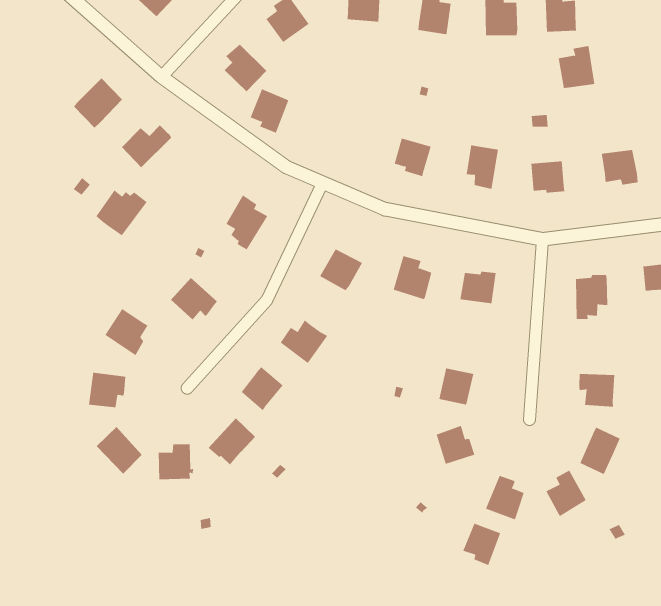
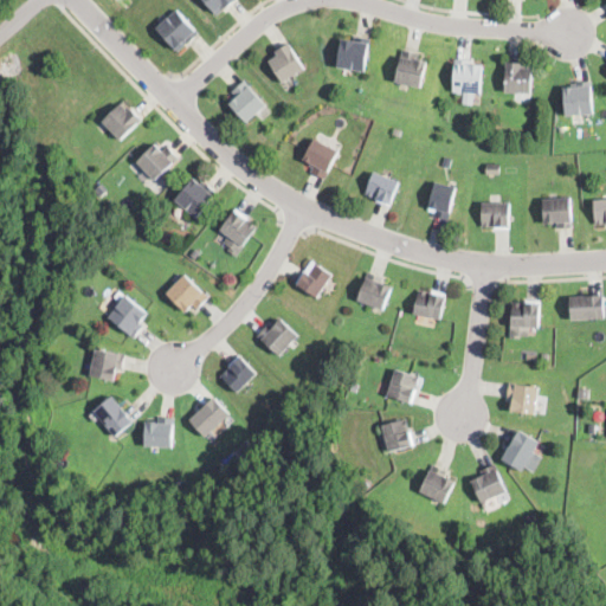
building: [558,46,595,88] -> [561,80,591,115]
building: [250,89,289,133] -> [302,138,336,178]
building: [95,189,147,236] -> [173,178,218,218]
building: [462,523,501,566] -> none

